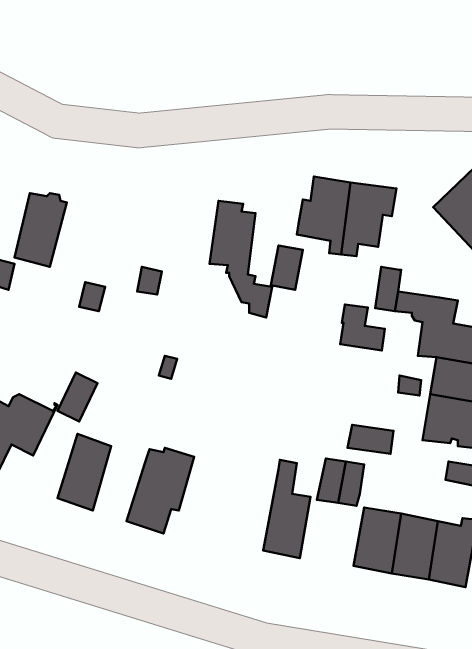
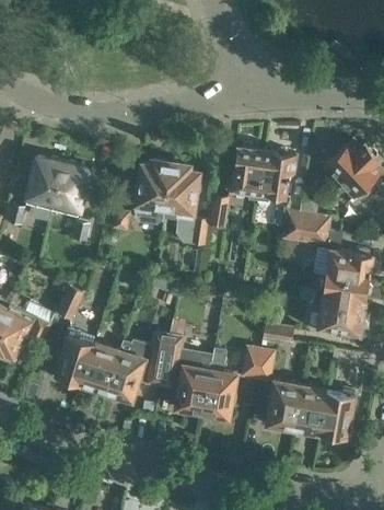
building: none -> [133,161,171,224]
building: none -> [50,162,88,216]
building: [340,304,385,350] -> [299,199,330,232]
building: none -> [161,334,213,413]
building: none -> [81,341,118,392]

